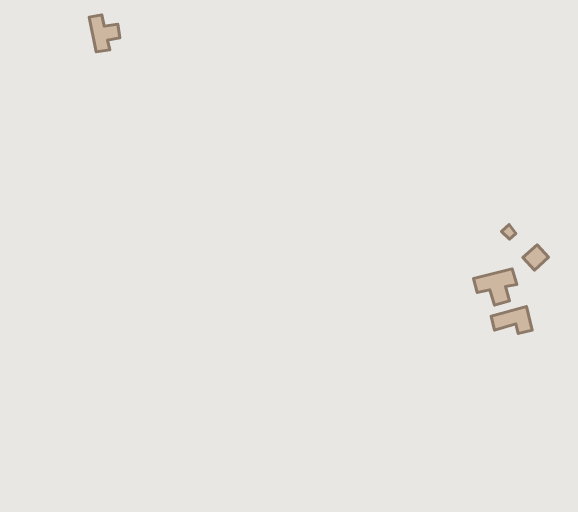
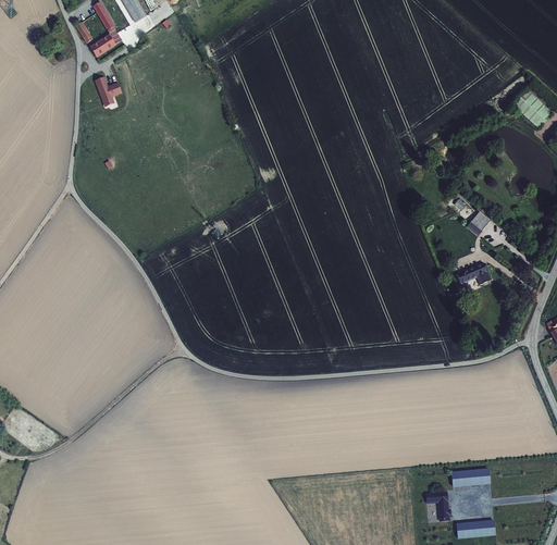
building: [473,269,517,305] -> none

